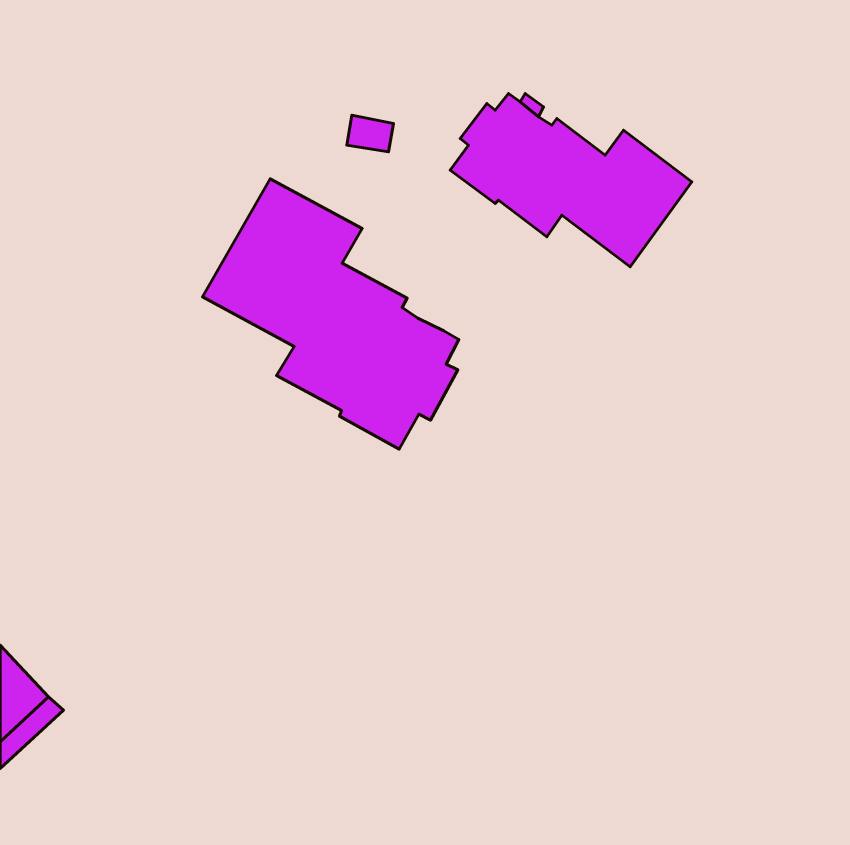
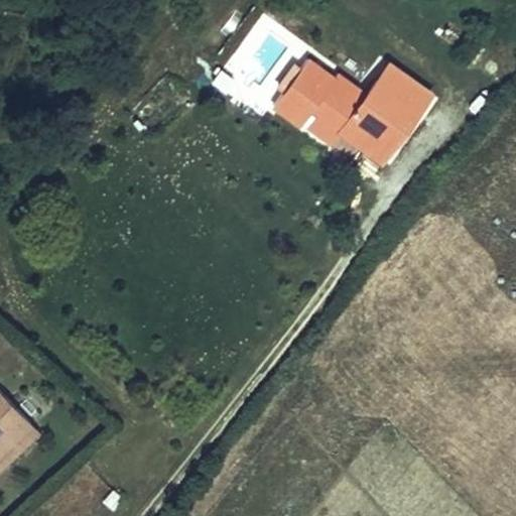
building: none -> [378,67,432,114]
building: [202,179,459,449] -> none

